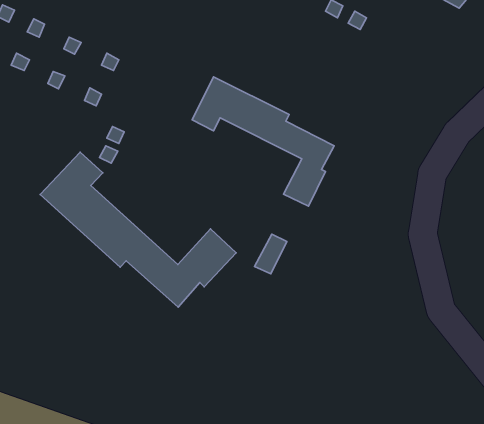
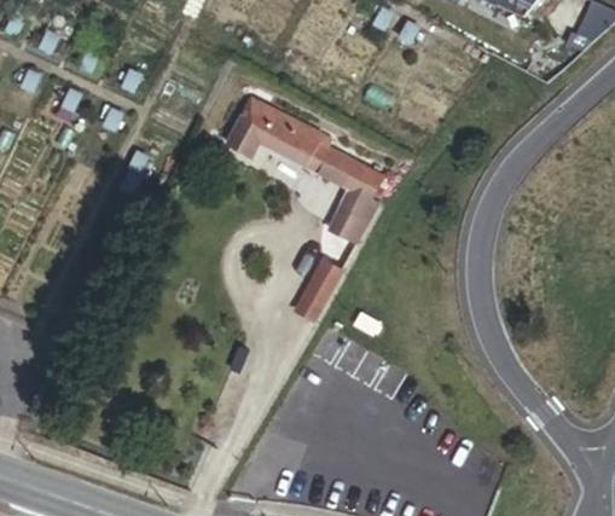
building: [40,152,236,307] -> none

